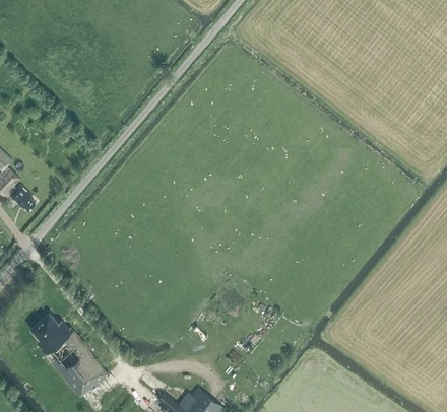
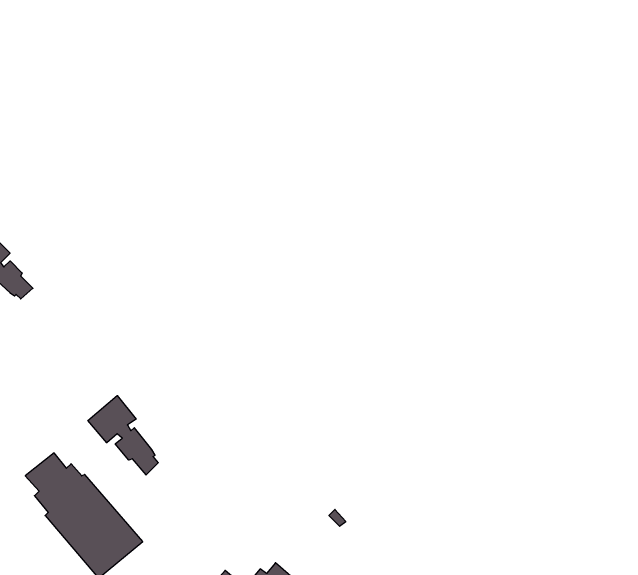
building: none -> [88,396,158,475]

